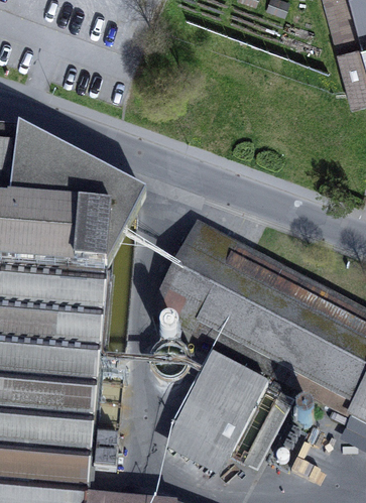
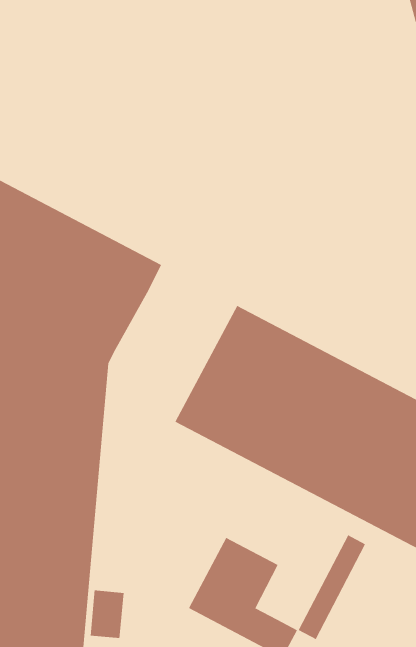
building: [192,358,266,457] -> none

